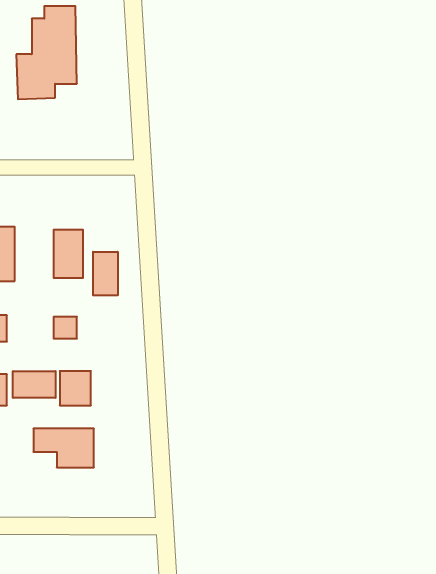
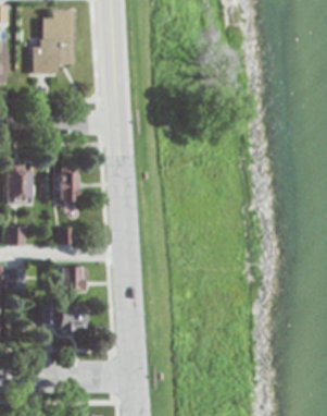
building: [93,252,118,295] -> none
building: [13,371,56,398] -> none

